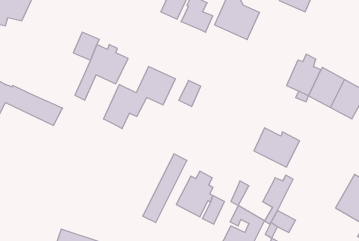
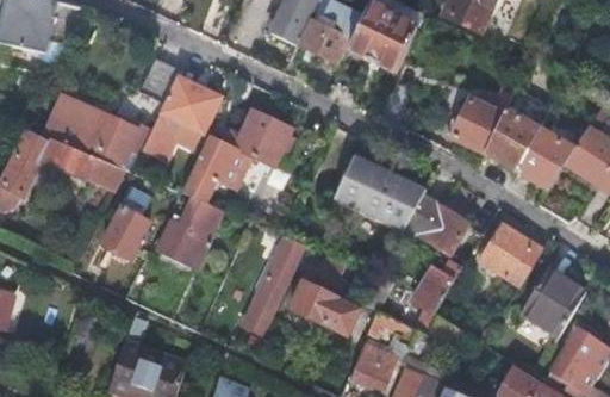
building: none -> [42,94,152,172]
building: none -> [328,156,422,236]
building: none -> [157,190,236,272]
building: none -> [104,197,149,256]
building: none -> [478,223,543,286]

